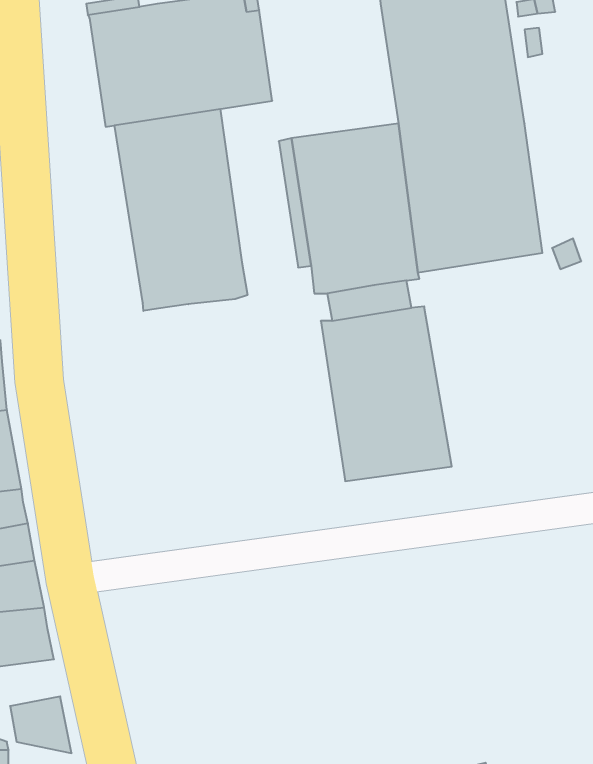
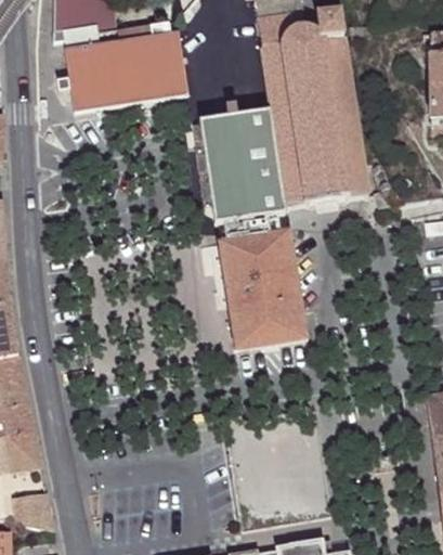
building: [114,109,247,311] -> none

